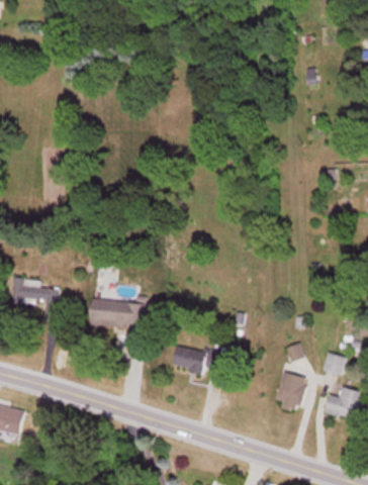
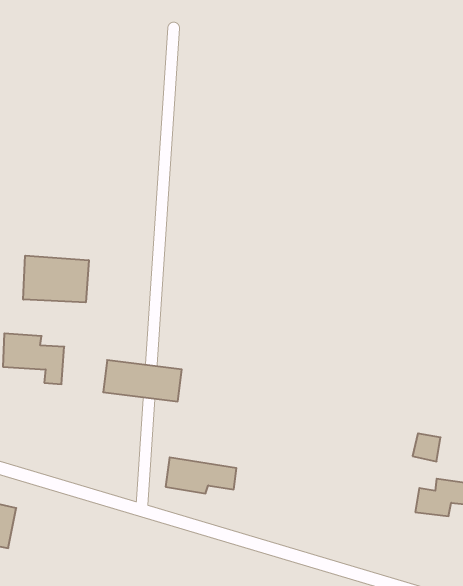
building: none -> [23,256,89,302]
building: [171,346,224,373] -> [166,457,236,493]
building: [275,373,305,411] -> none

